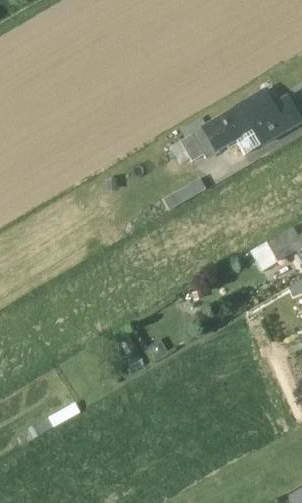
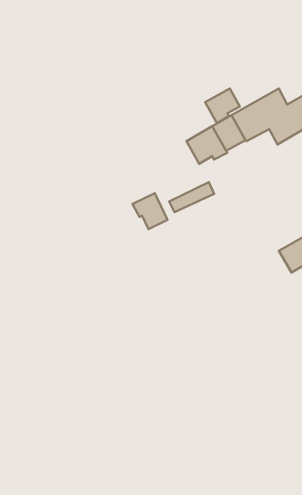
building: none -> [205,88,240,123]
building: none -> [133,193,167,229]

